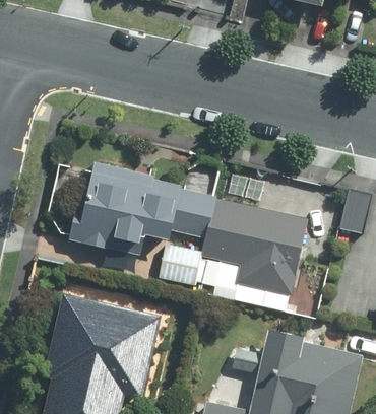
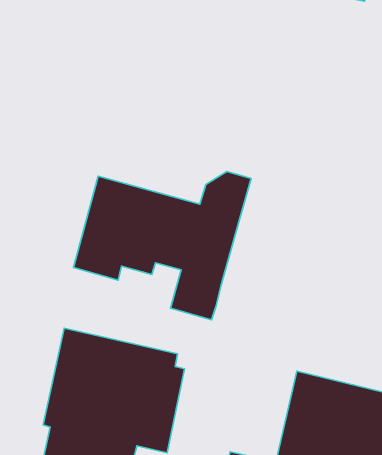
building: [199,194,310,298] -> none

